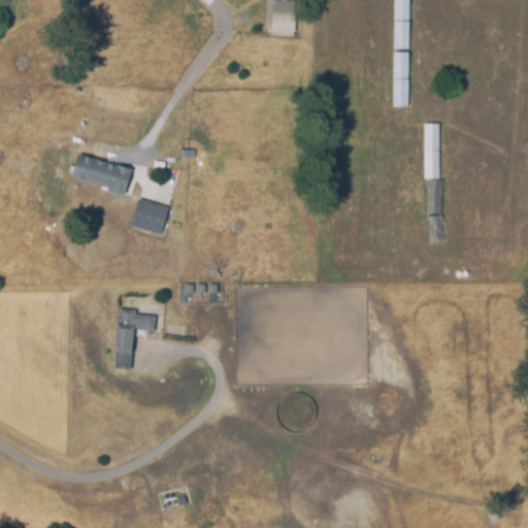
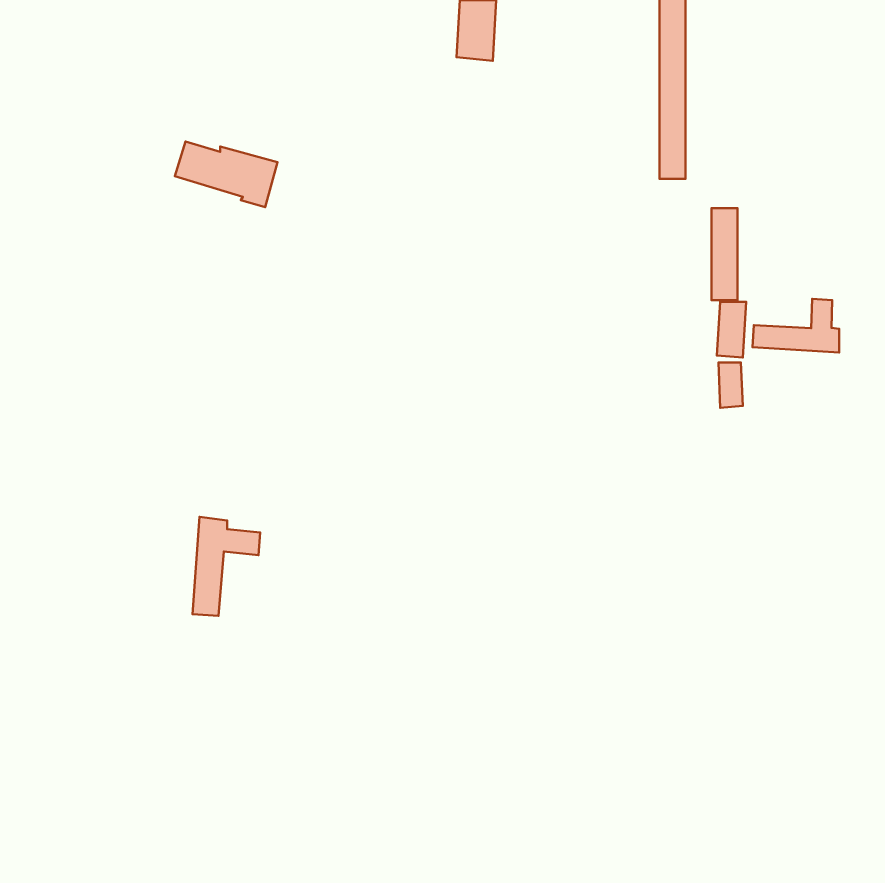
building: [72,156,133,195] -> [175,141,277,207]
building: none -> [752,299,839,352]
building: [133,199,169,234] -> none

